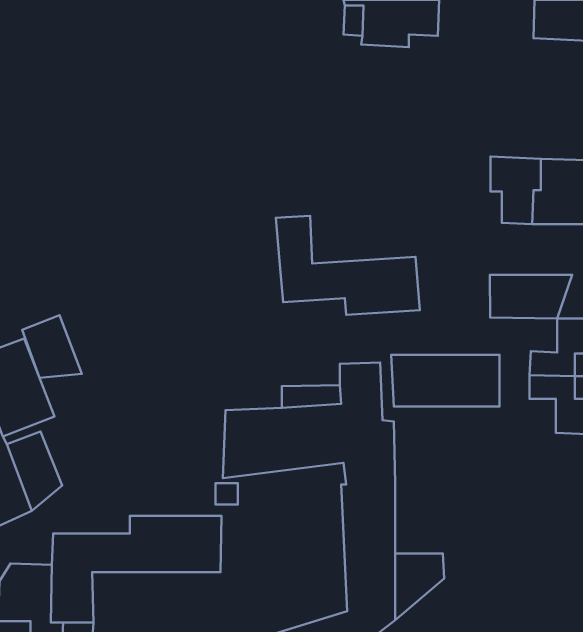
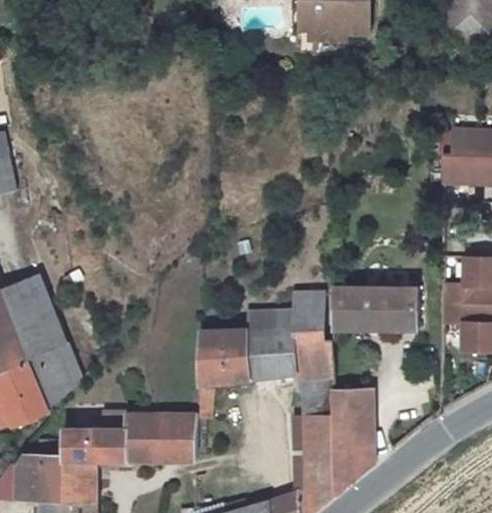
building: [276,216,420,315] -> none
building: [490,275,572,318] -> none
building: [22,315,82,378] -> none
building: none -> [336,389,374,445]

